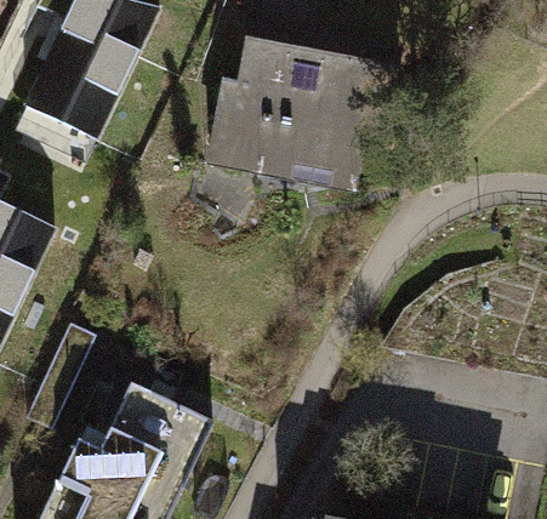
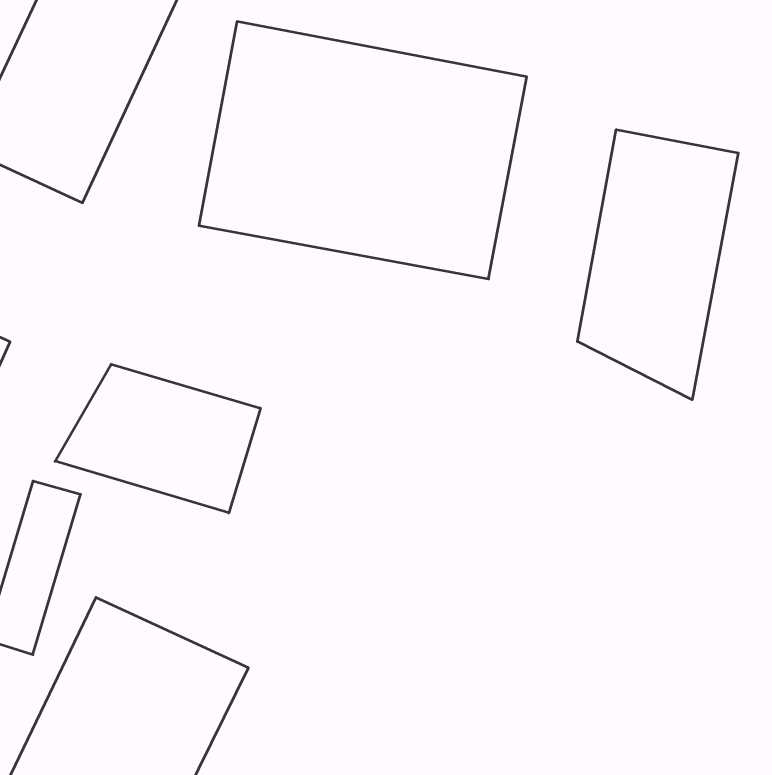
building: none -> [577,130,738,400]
building: none -> [55,364,260,513]

